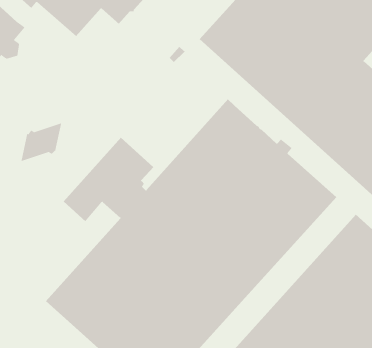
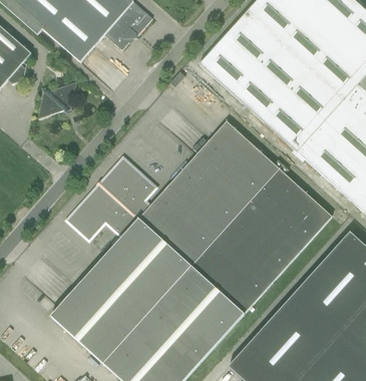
building: [21,122,62,162] -> [37,80,77,118]

